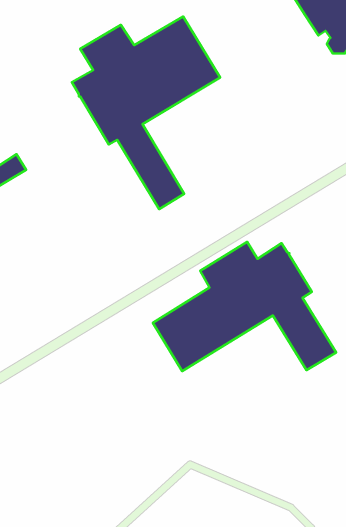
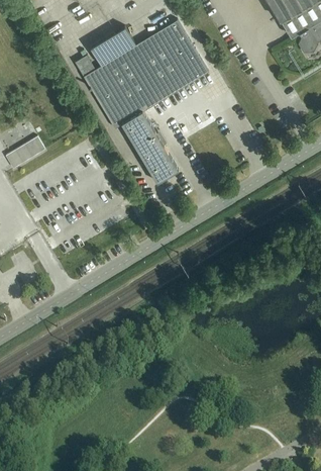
building: [153,242,336,371] -> none

